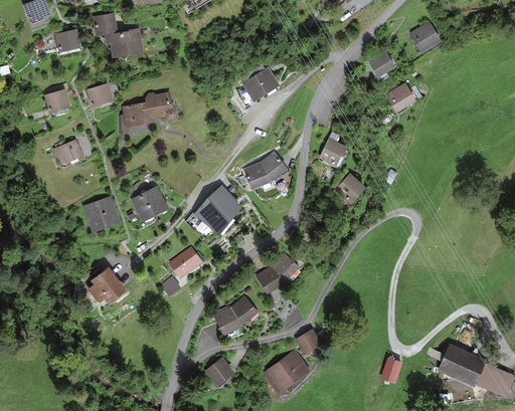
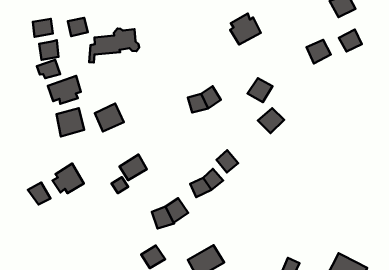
building: [367,48,396,76] -> [339,30,362,52]
building: [241,62,280,101] -> [230,14,261,44]
building: none -> [39,40,59,60]
building: none -> [48,76,81,104]
building: [196,188,238,232] -> none
building: none -> [217,150,238,172]
building: none -> [28,183,51,205]
building: [295,329,322,355] -> none

